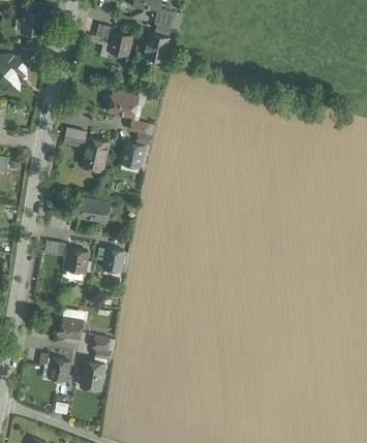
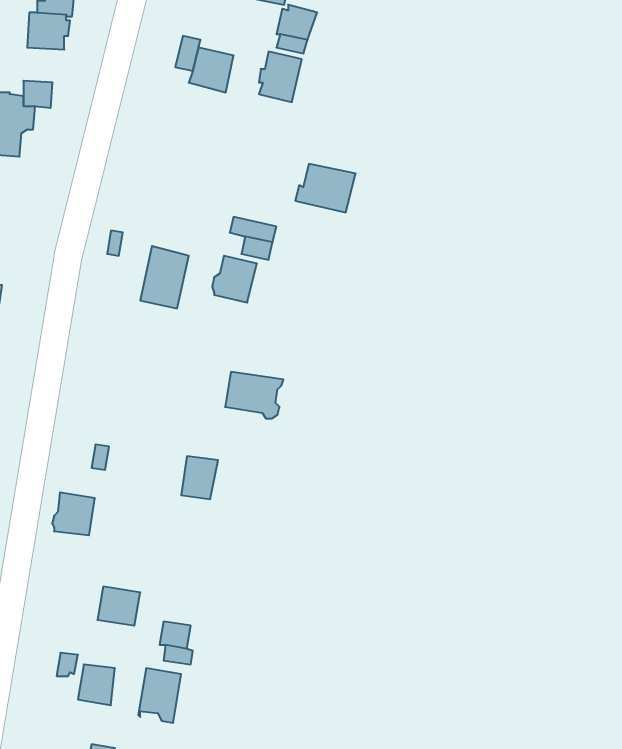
building: [105,92,137,118] -> [295,164,356,212]
building: [79,199,110,224] -> [225,372,283,419]
building: [64,249,87,272] -> [52,492,95,535]

